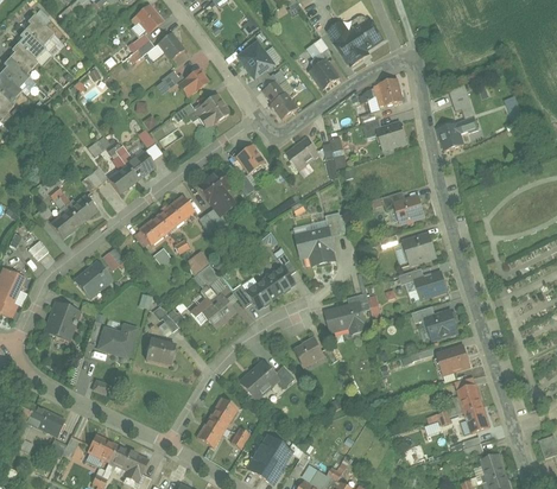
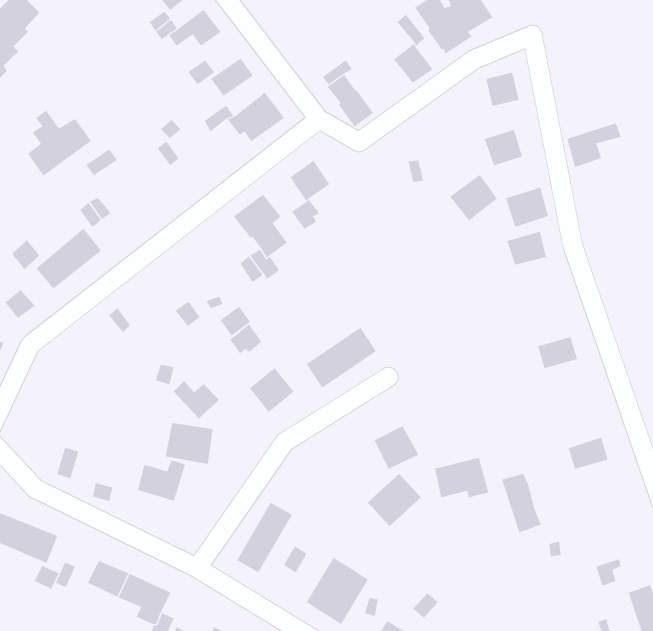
building: [235,39,273,78] -> none
building: [283,136,318,171] -> [449,174,498,221]
building: [107,144,154,192] -> [27,110,92,176]
building: [137,193,194,243] -> none
building: [296,228,336,266] -> none
building: [403,233,435,262] -> [505,187,549,227]
building: [71,259,113,299] -> none
building: [42,300,80,341] -> none
building: [328,303,368,332] -> [434,457,489,498]
building: [425,309,458,337] -> none
building: [100,323,135,354] -> [137,459,186,502]
building: [240,358,280,398] -> [367,473,422,527]
building: [460,385,489,428] -> [501,473,542,533]

